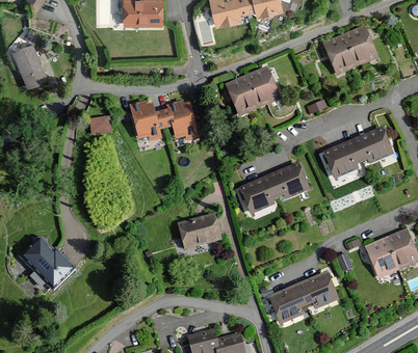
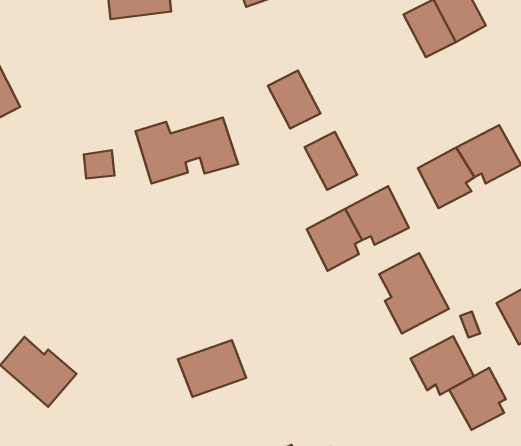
building: [245,66,280,106] -> [305,132,357,190]
building: none -> [379,253,449,333]
building: [177,210,223,246] -> [178,340,246,397]
building: [273,281,312,323] -> [449,368,506,430]

